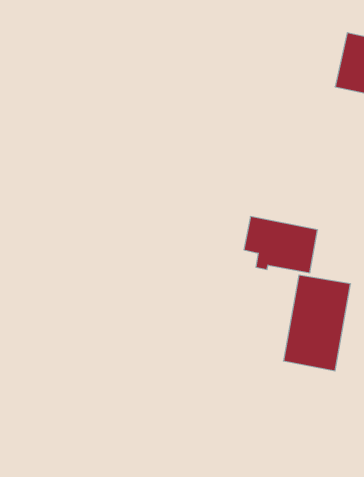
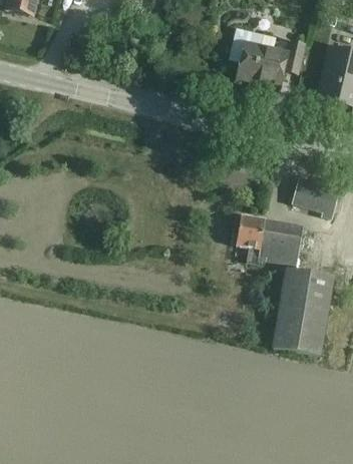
building: none -> [228,26,304,86]
building: none -> [291,178,339,213]

